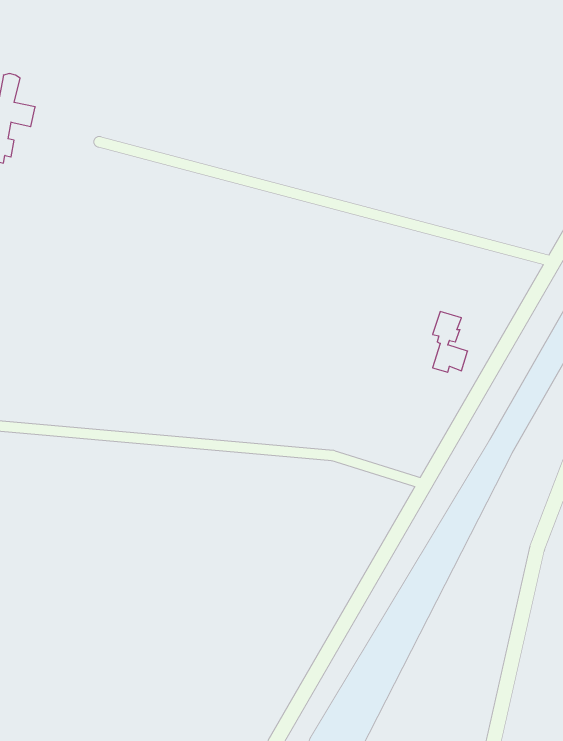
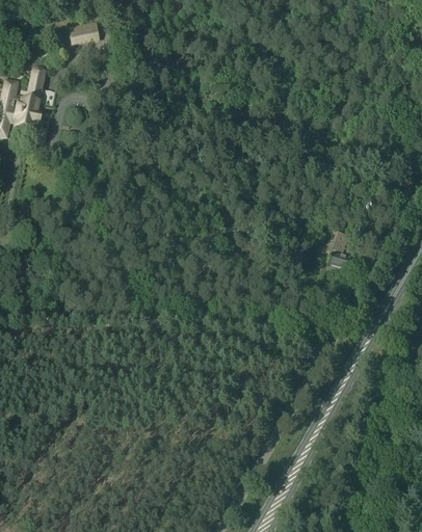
building: none -> [72,21,102,44]

